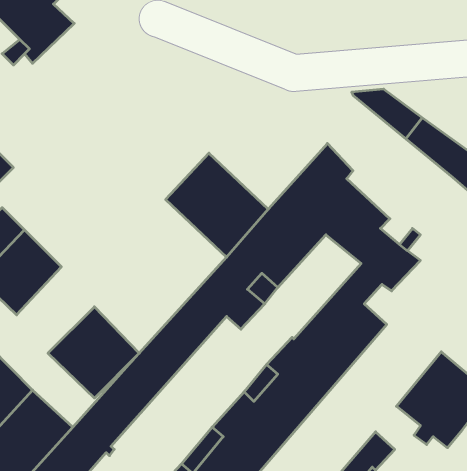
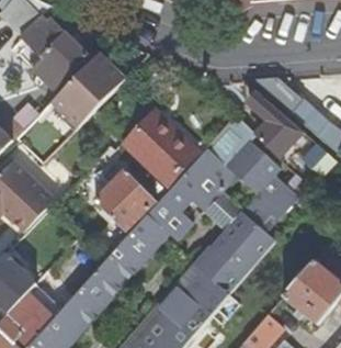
building: none -> [29,32,86,89]
building: none -> [44,58,116,133]
building: none -> [247,91,327,165]
building: [48,307,139,398] -> [92,169,155,232]

